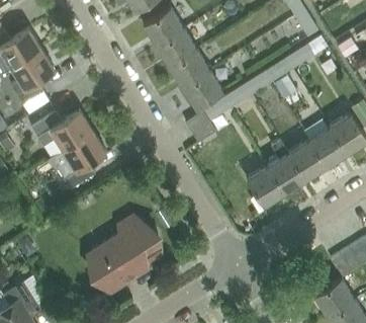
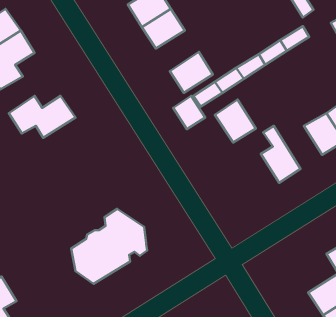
building: [169,50,209,88] -> none
building: [44,132,106,190] -> none
building: [288,140,326,180] -> none
building: [247,166,285,207] -> [215,100,256,143]

